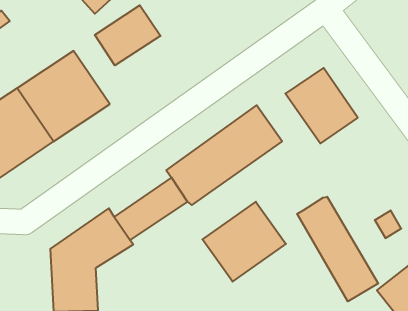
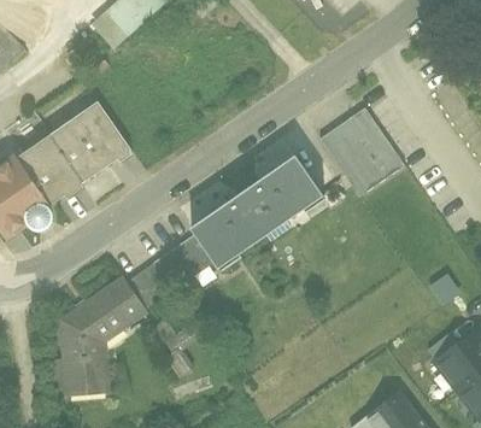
building: [95,5,161,65] -> none
building: [297,197,378,301] -> none
building: [202,202,286,282] -> none

